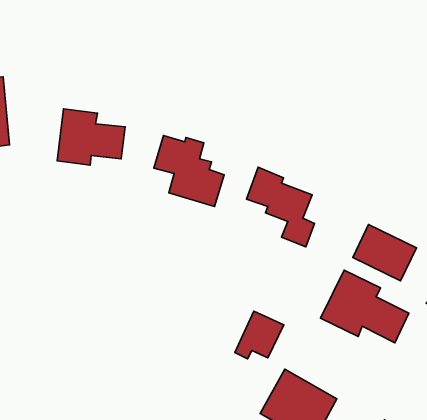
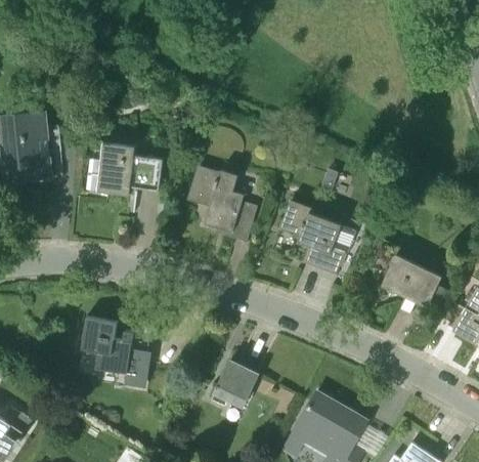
building: [320,270,409,343] -> none
building: none -> [81,317,148,388]
building: [235,311,284,359] -> [211,361,258,407]

